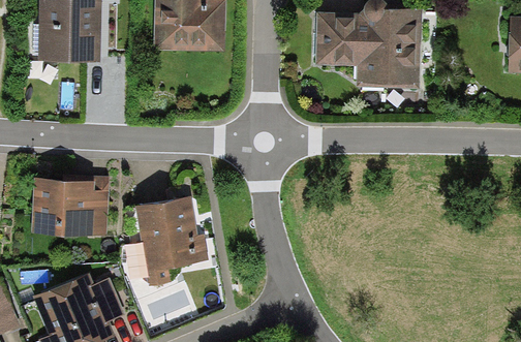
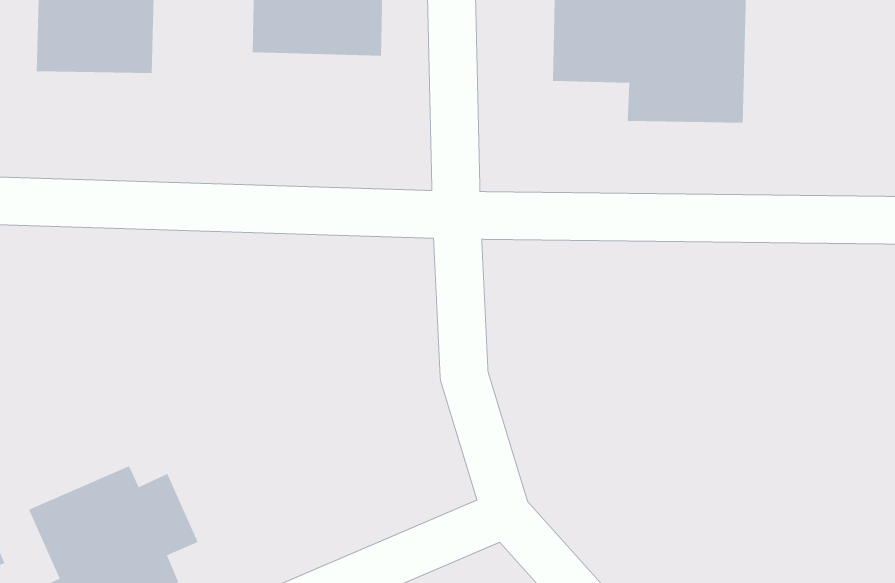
building: [31,174,109,236] -> none
building: [134,197,209,286] -> none

